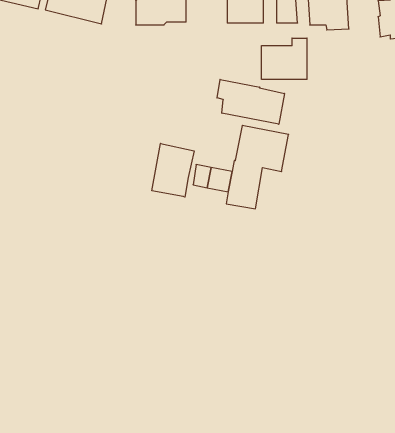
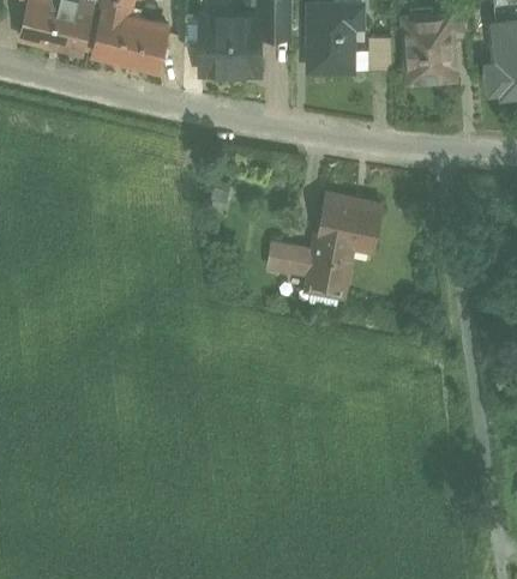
building: [262,38,307,79] -> none
building: [217,79,284,124] -> none
building: [152,143,194,197] -> none

